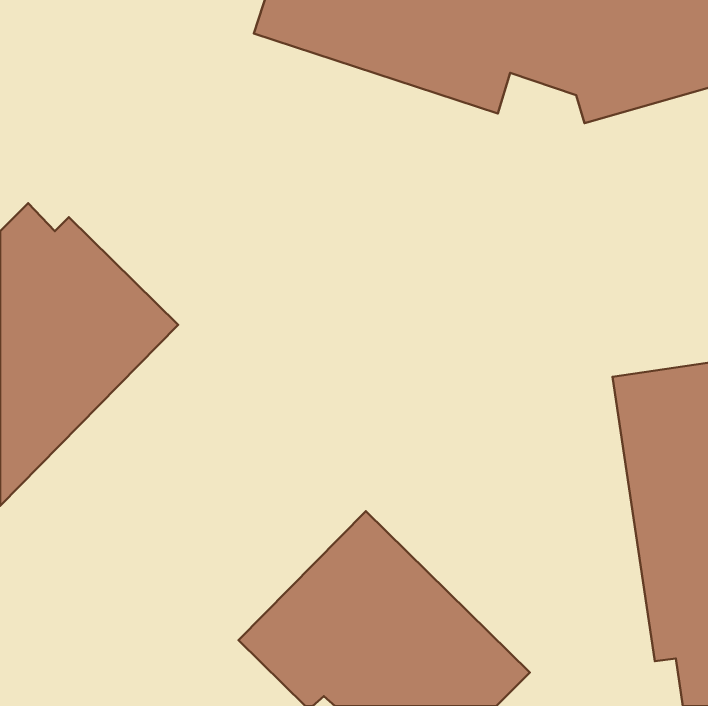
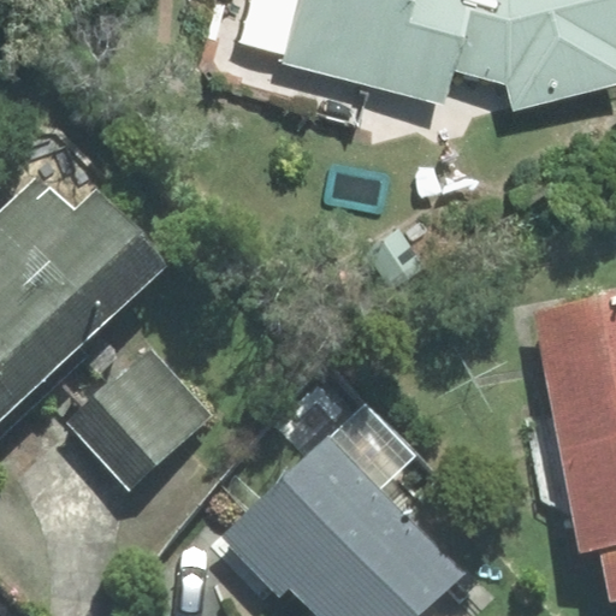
building: none -> [83,328,233,479]

